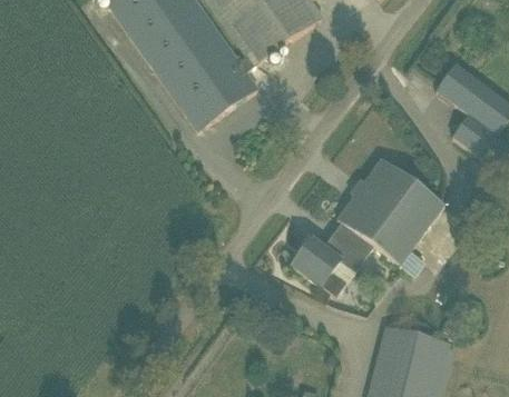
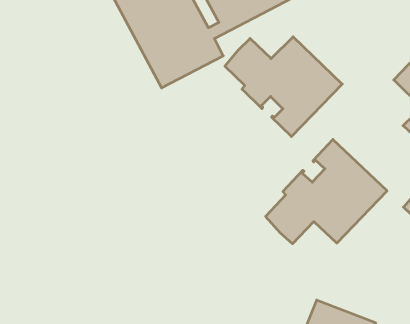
building: none -> [225,37,342,137]
building: [293,239,346,297] -> none

